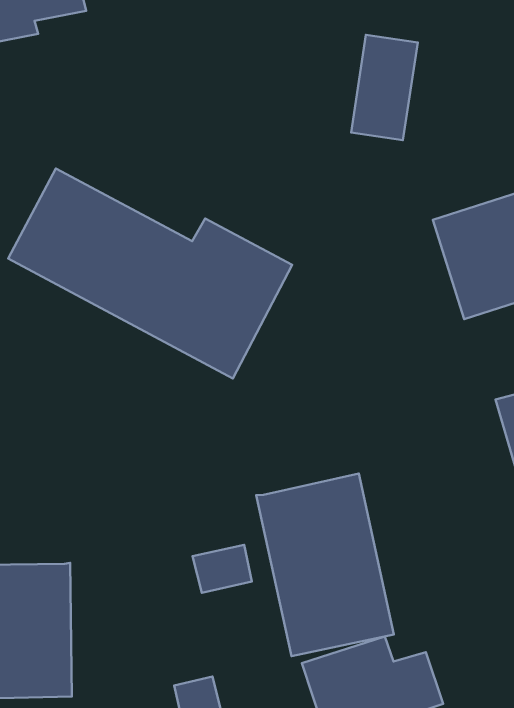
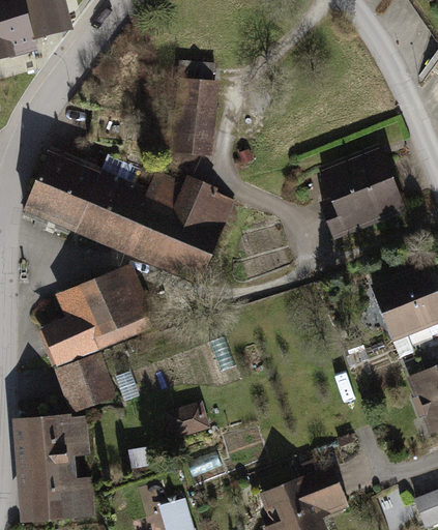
building: [351,35,418,140] -> [173,77,216,150]
building: none -> [39,267,152,360]
building: none -> [55,353,113,423]
building: [256,474,394,656] -> none

